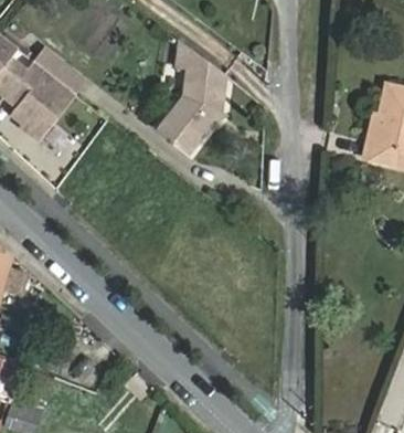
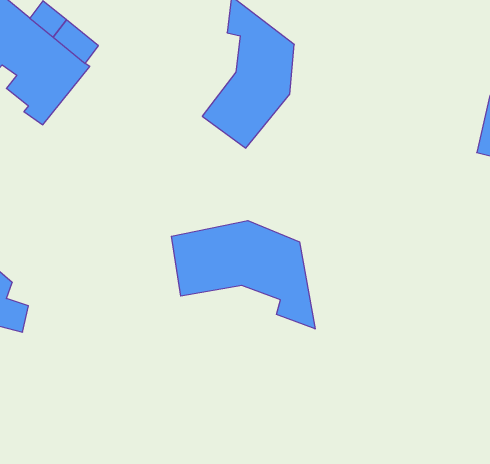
building: none -> [171,221,315,329]

